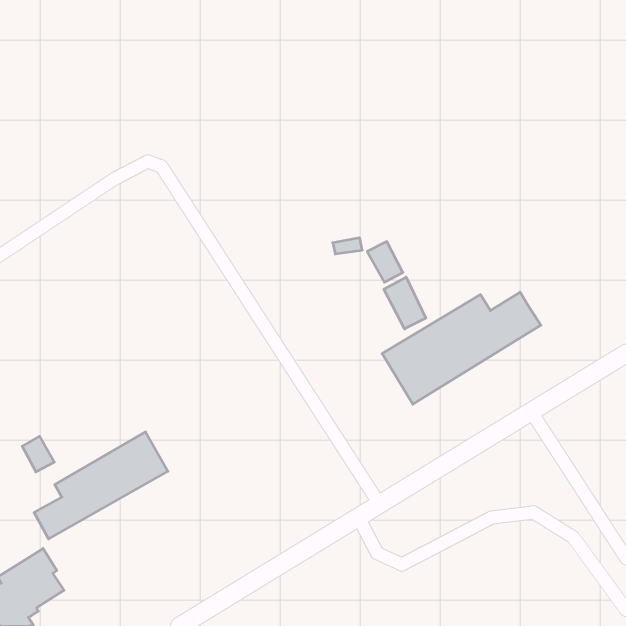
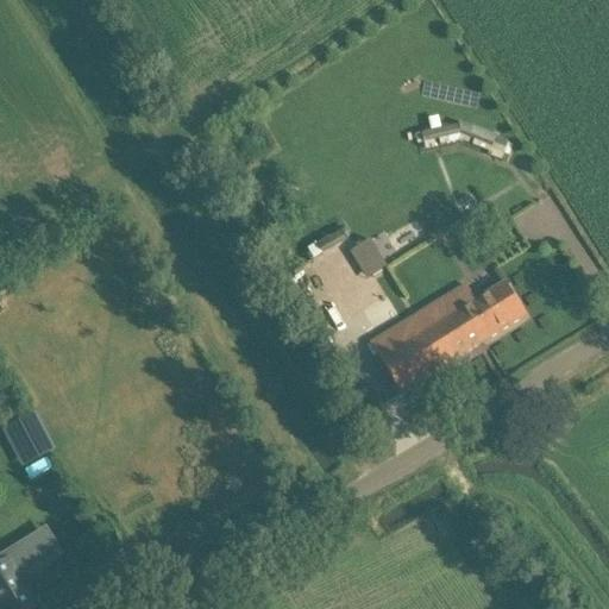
building: [384,277,426,329] -> none
building: [34,432,168,539] -> none

